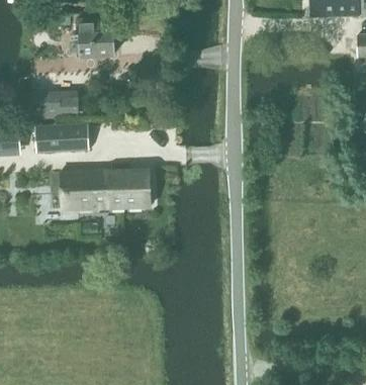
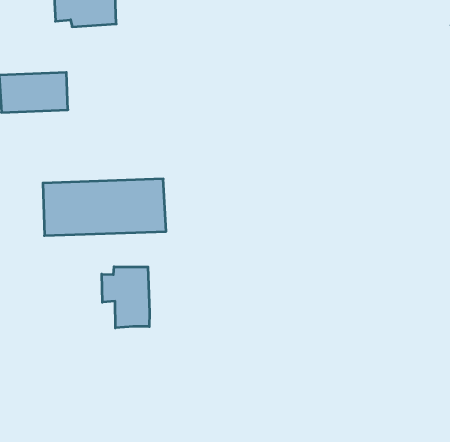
building: [36,125,88,153] -> none
building: none -> [102,267,150,328]

